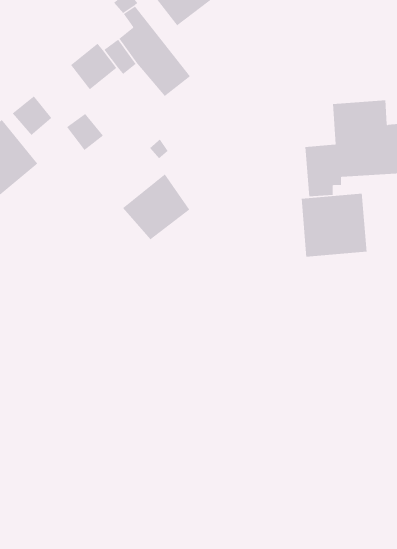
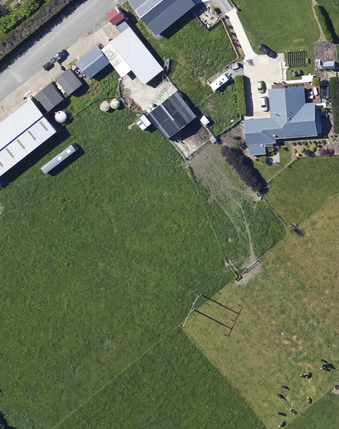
building: [66,113,104,151] -> [56,68,83,95]
building: [122,174,190,240] -> [146,89,195,137]
building: [301,193,367,257] -> none

